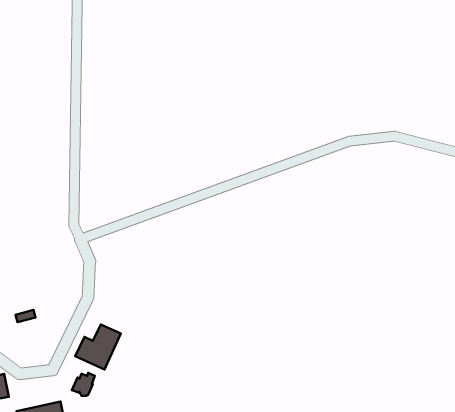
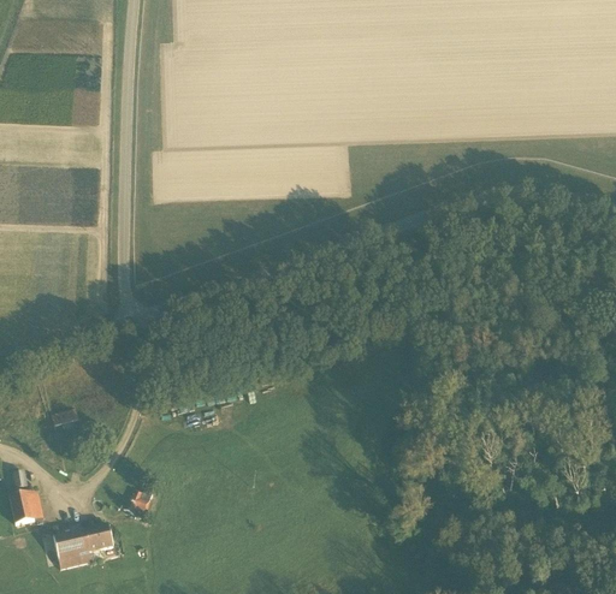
building: [75,324,121,369] -> none

